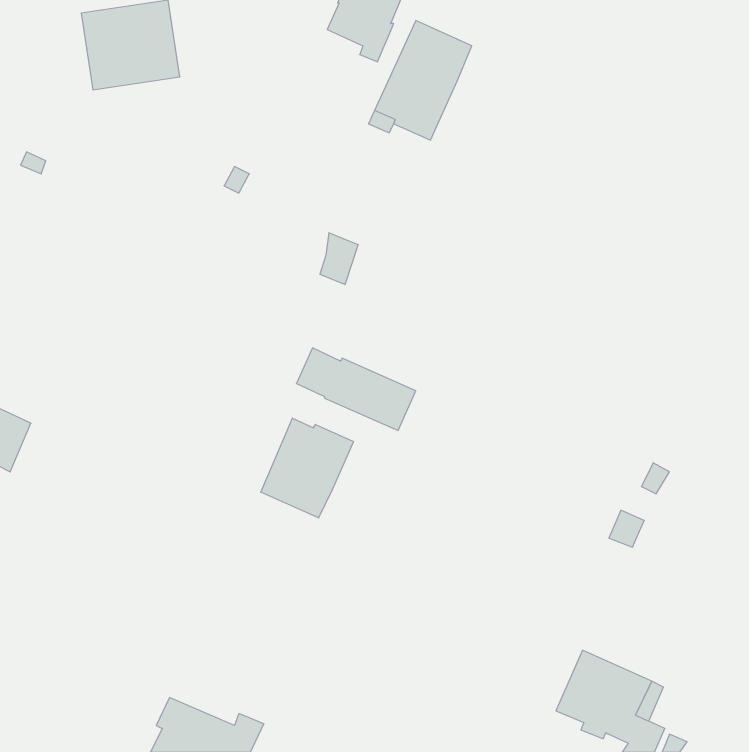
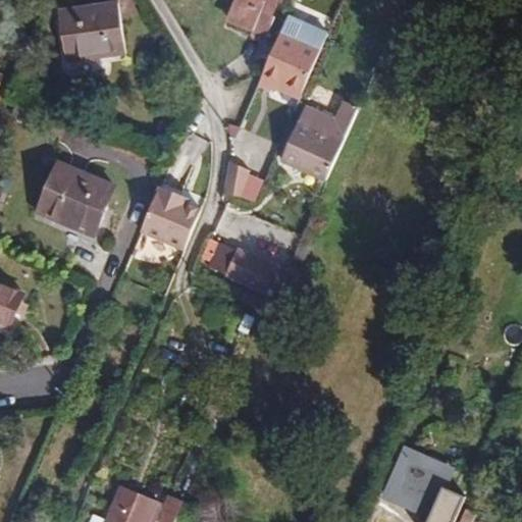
building: none -> [278,100,358,181]
building: none -> [37,161,113,234]
building: none -> [139,186,201,251]
building: [261,418,353,518] -> none

